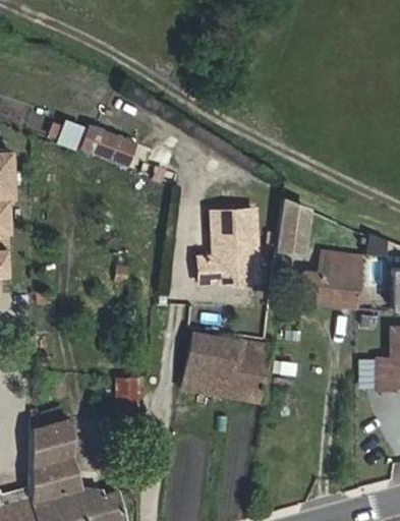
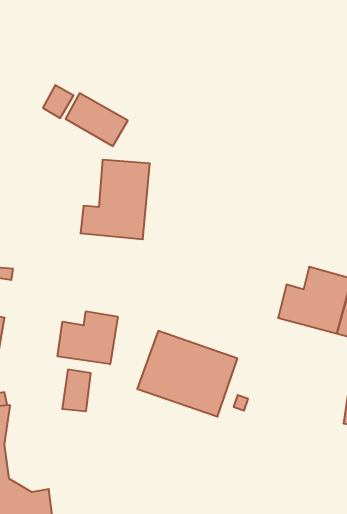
building: [278,197,309,253] -> none
building: [201,210,260,283] -> [80,160,150,239]
building: none -> [58,311,118,364]

